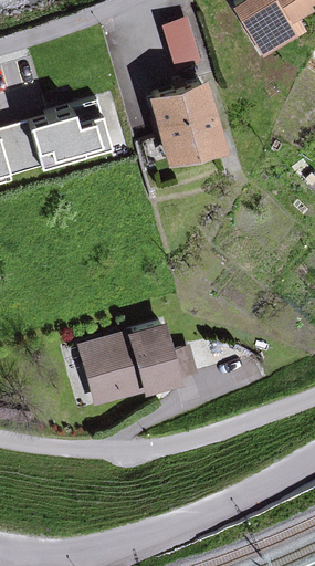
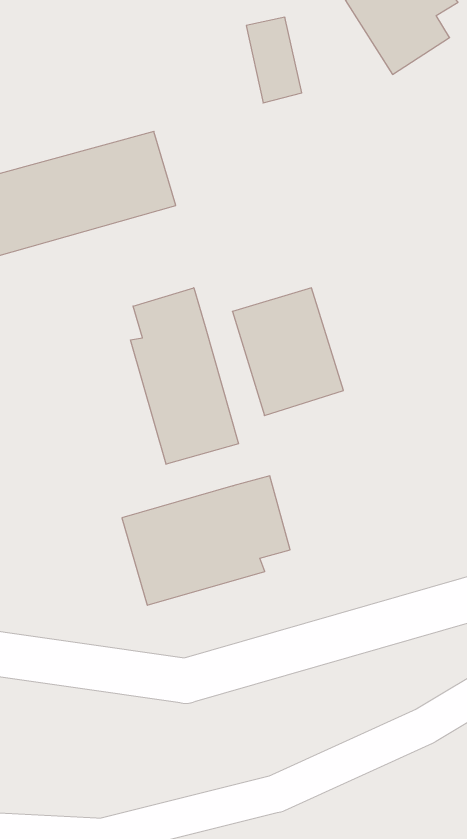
building: [146,80,219,164] -> [232,288,343,416]
building: none -> [131,288,239,464]

